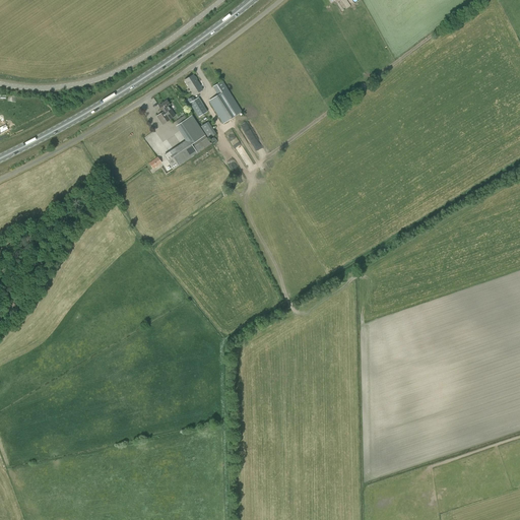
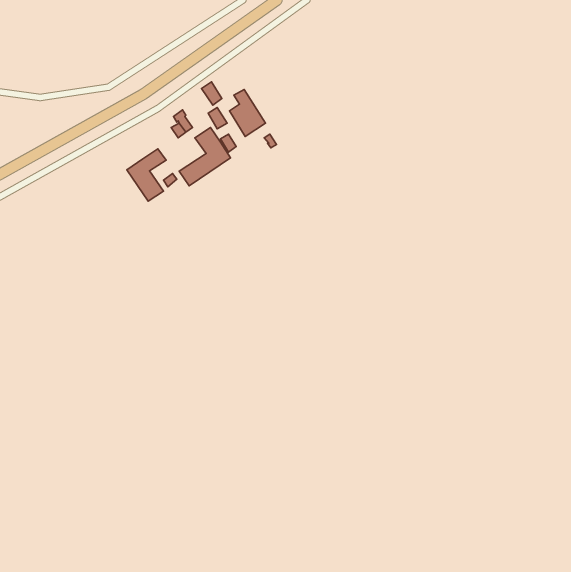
building: none -> [127,149,166,201]

